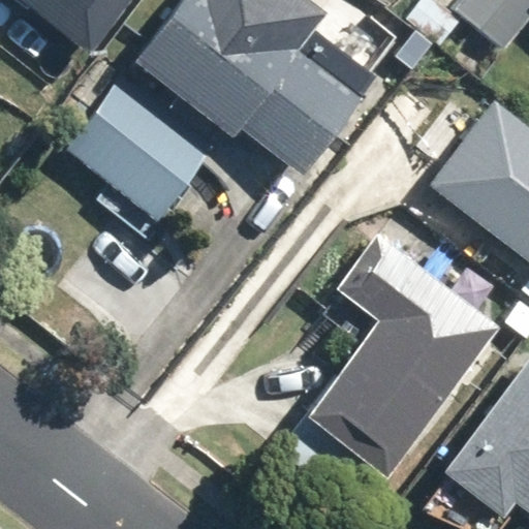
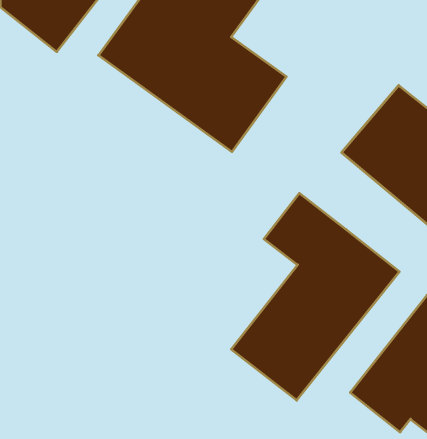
building: [77,90,219,223] -> none

